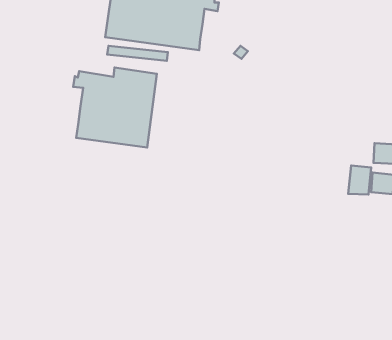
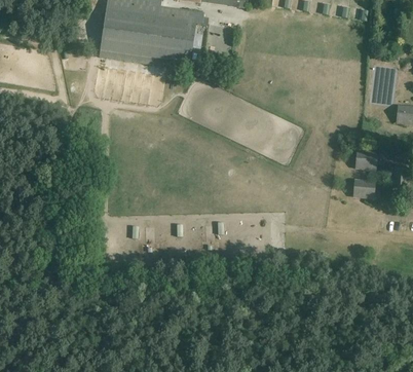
building: [73,68,157,147] -> none
building: [348,165,371,195] -> none

